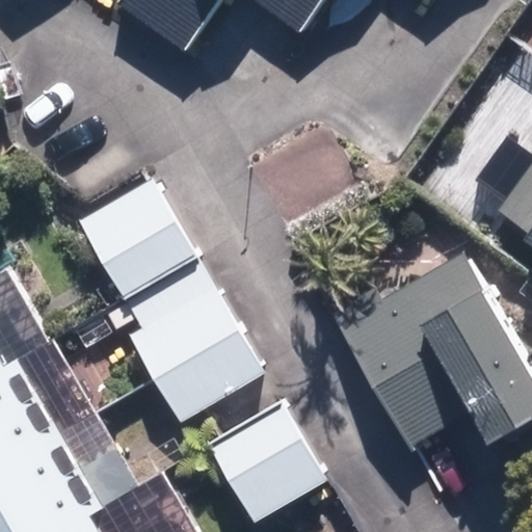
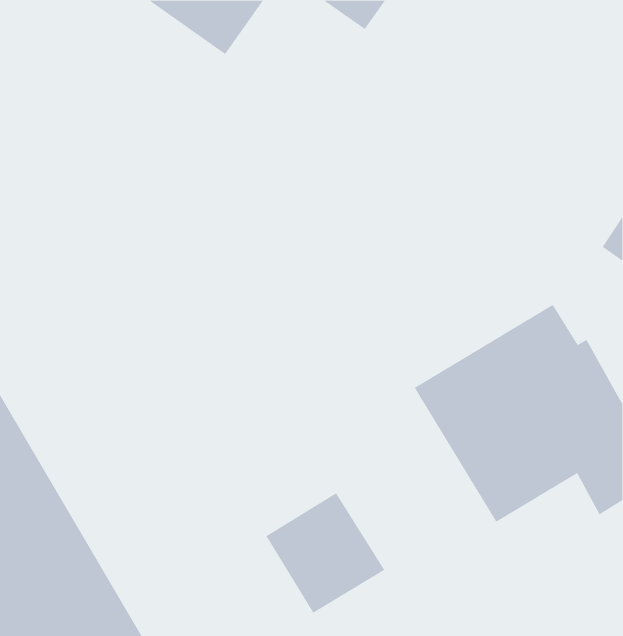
building: [82,178,194,290] -> none
building: [135,272,262,411] -> none

